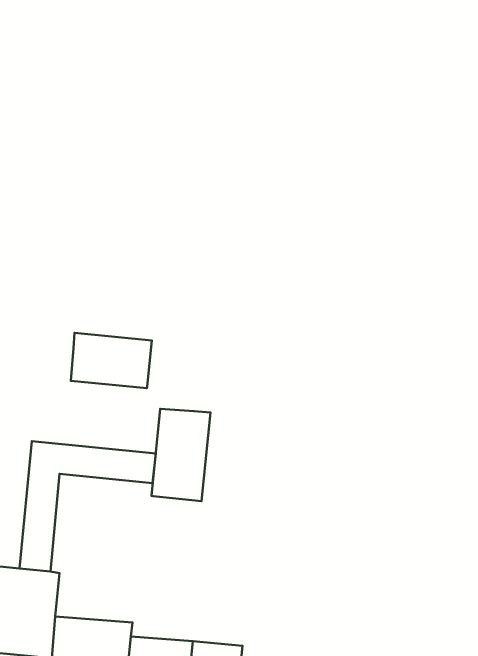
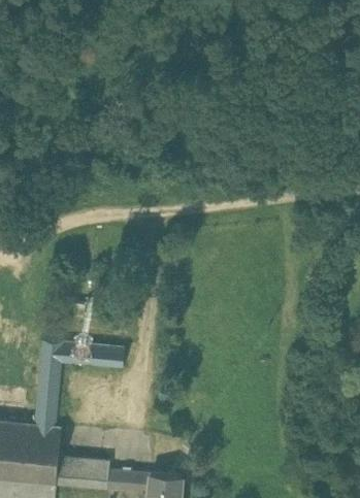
building: [71,333,152,388] -> none
building: [152,409,210,501] -> none

